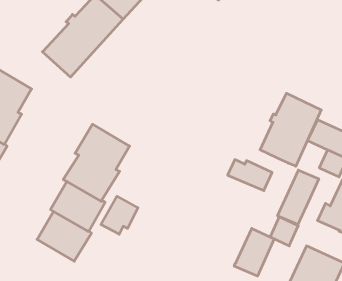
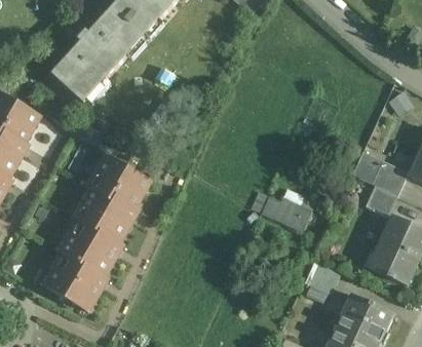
building: [260,93,321,166] -> none
building: [278,170,319,225] -> none
building: [101,196,138,234] -> none
building: [234,228,274,276] -> none

